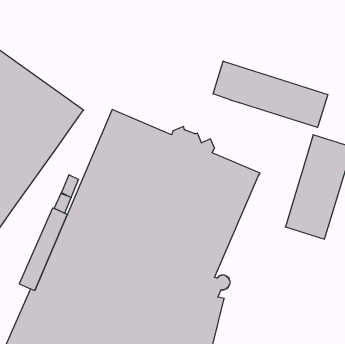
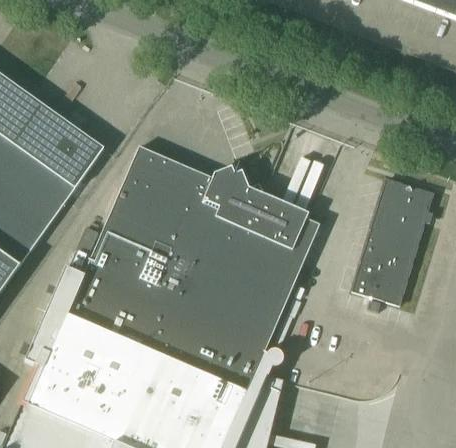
building: [213,61,328,127] -> none

